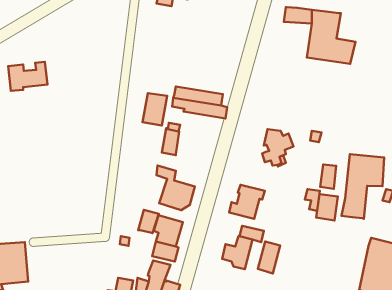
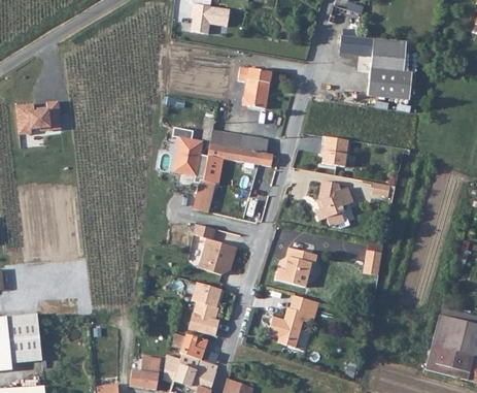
building: none -> [239,66,272,107]
building: none -> [321,135,348,166]
building: [341,154,384,219] -> none
building: [320,164,336,189] -> none
building: [316,194,338,221] -> none
building: [138,210,159,233] -> none
building: [258,241,280,273] -> none

